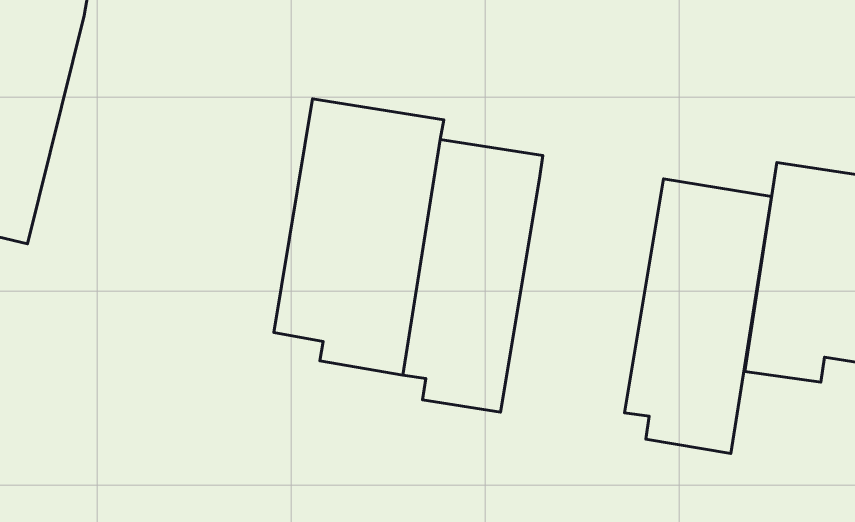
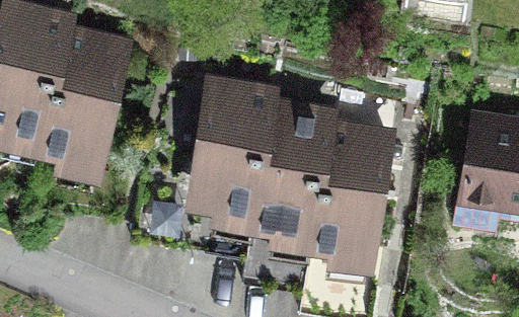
building: none -> [43,25,135,182]
building: [624,179,772,453] -> [313,118,397,275]

